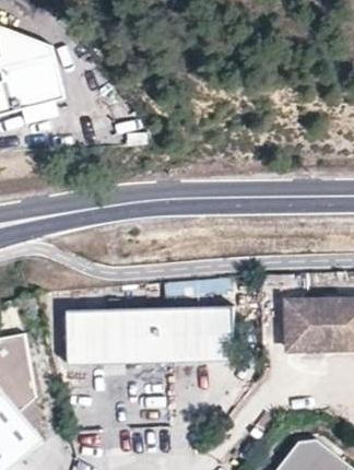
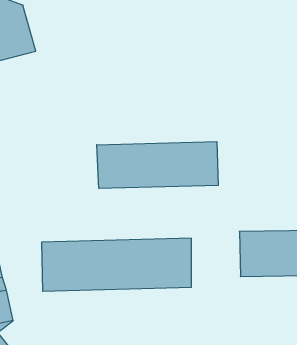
building: none -> [97,142,218,188]

